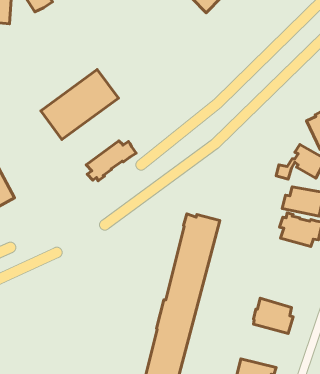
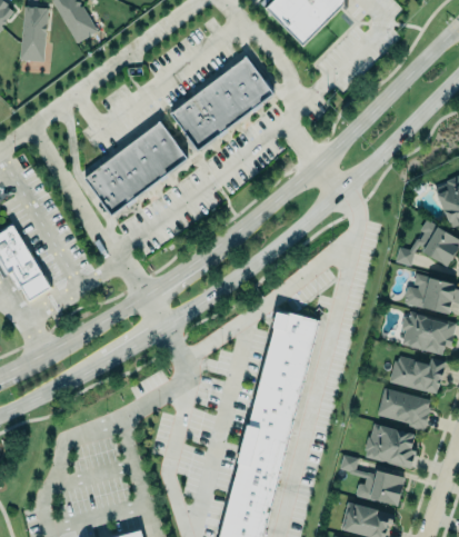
building: none -> [169,57,273,150]
building: [86,141,136,181] -> none
building: none -> [388,355,445,394]
building: none -> [377,389,433,428]
building: none -> [339,455,403,506]

